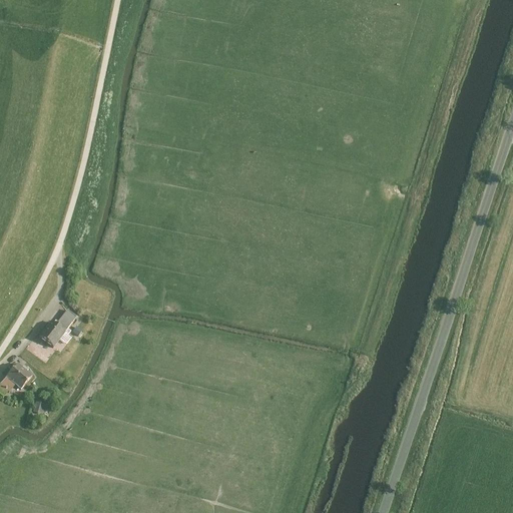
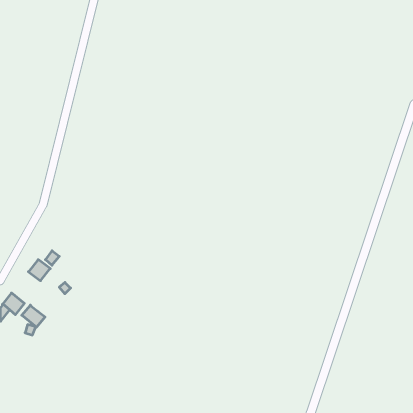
building: none -> [22,305,45,327]

